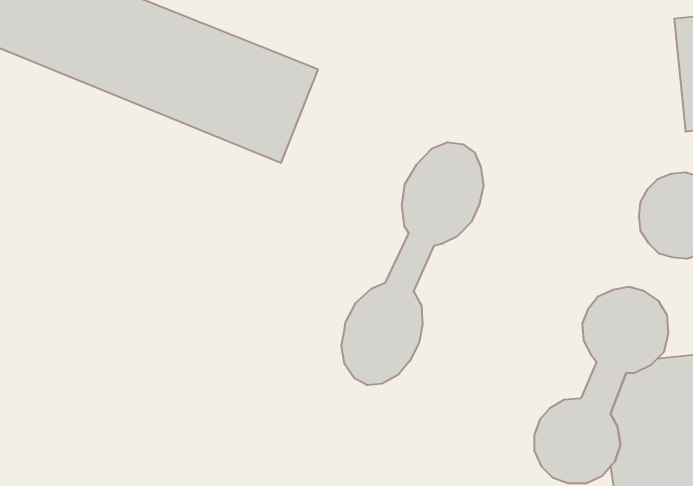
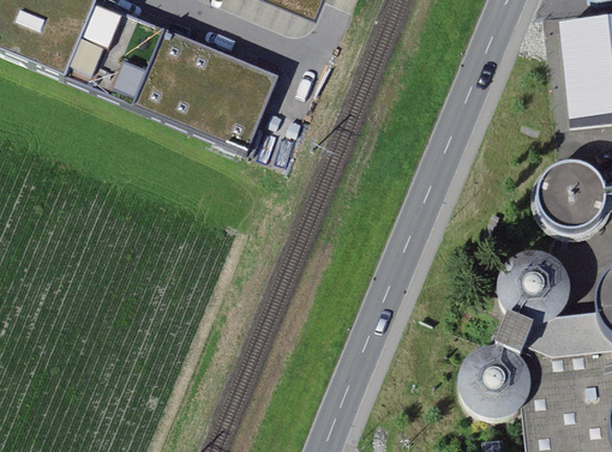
building: [341,142,484,385] -> none

